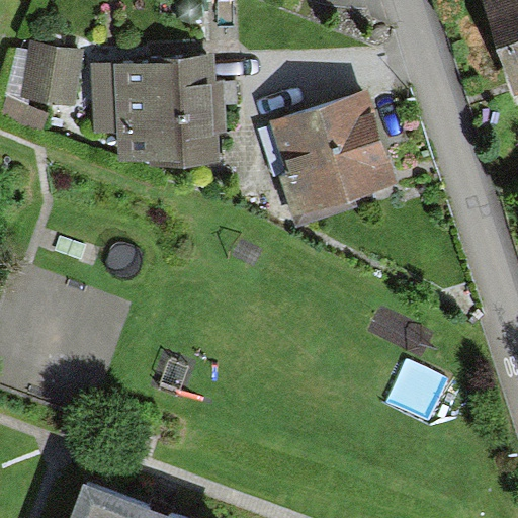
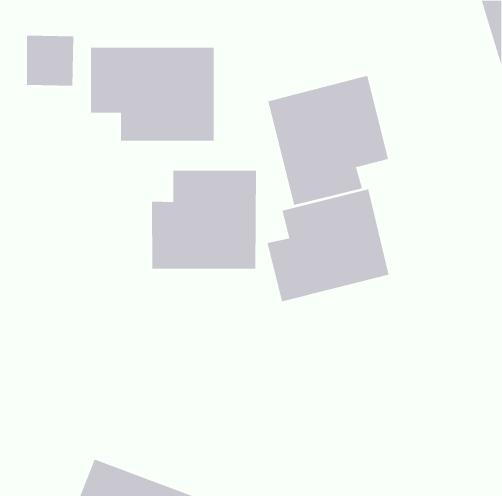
building: none -> [152,170,257,270]
building: none -> [267,188,389,302]

